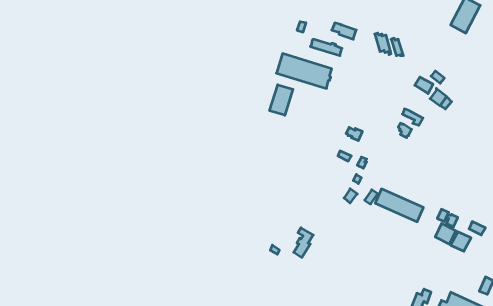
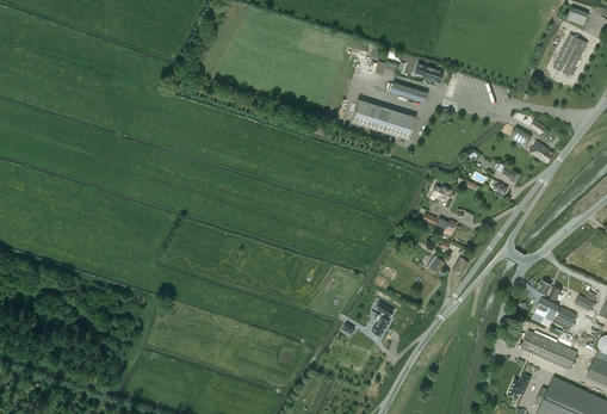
building: [270,85,293,115] -> none
building: [375,189,423,222] -> [521,330,577,369]

